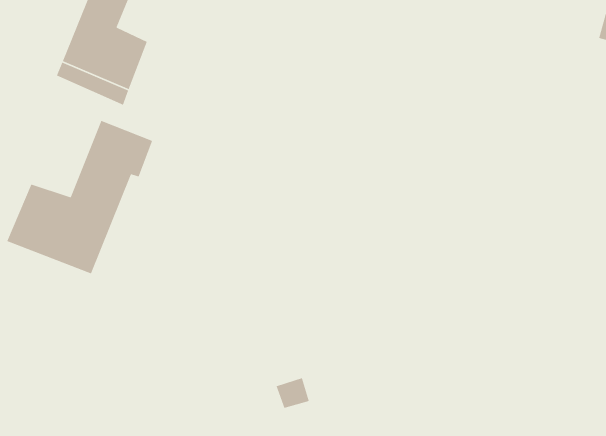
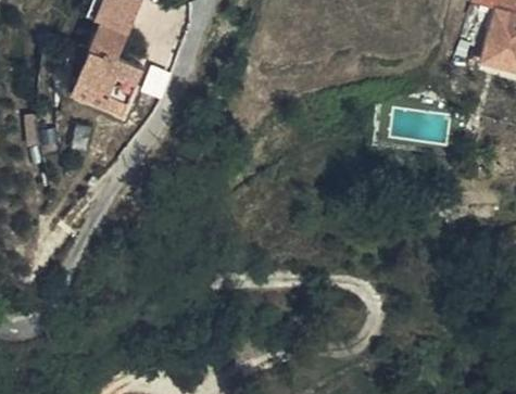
building: [6,120,153,274] -> none

